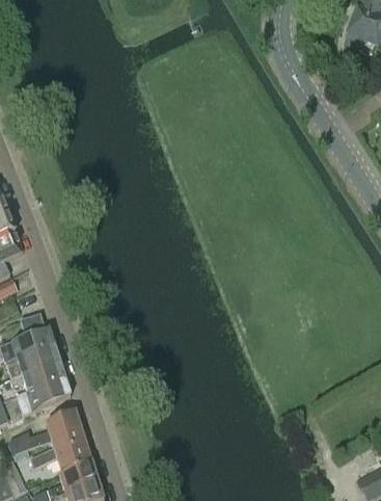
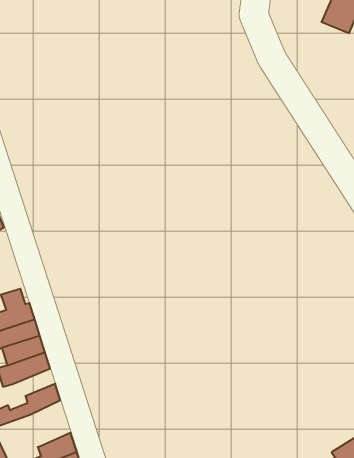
building: [29,426,91,473] -> none

